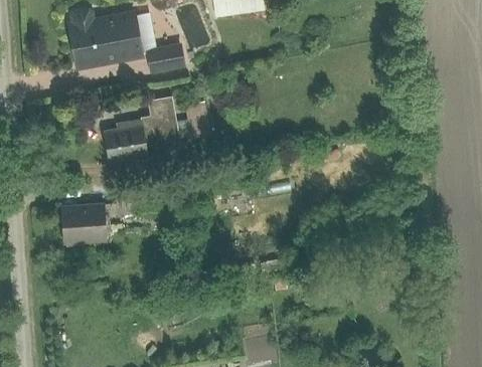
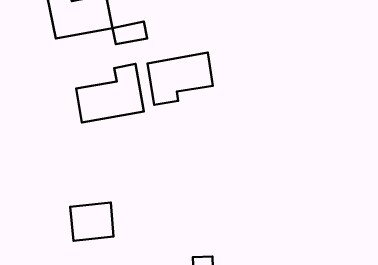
building: none -> [148,53,213,105]
building: [59,202,111,247] -> [70,203,113,241]

